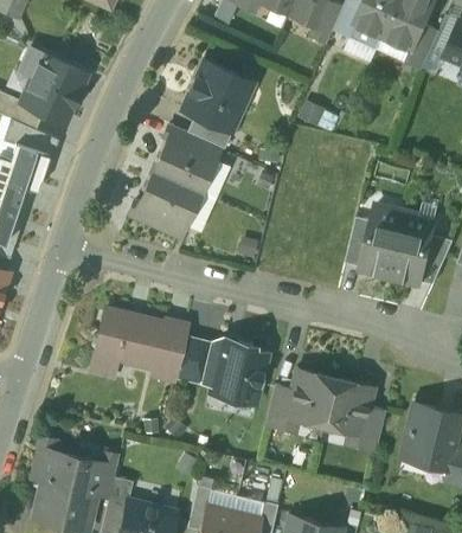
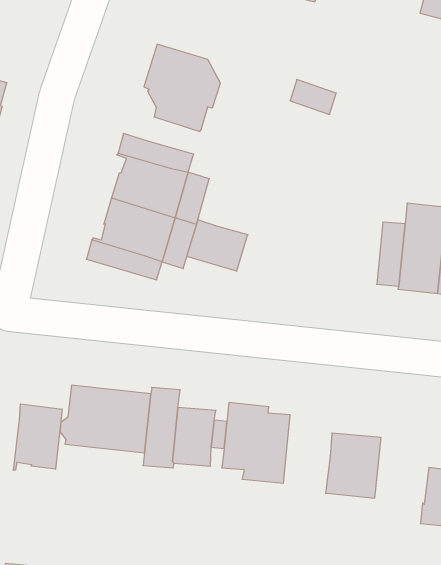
building: [186,114,232,148] -> none
building: none -> [187,220,248,271]
building: none -> [14,404,62,470]
building: [322,378,370,432] -> none
building: [264,384,293,430] -> none

